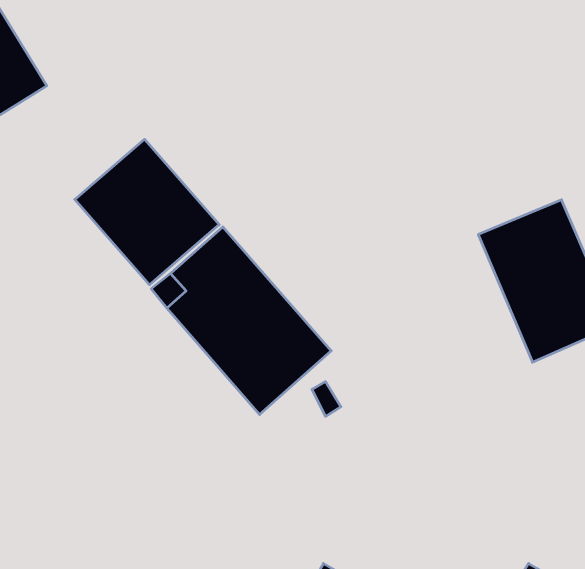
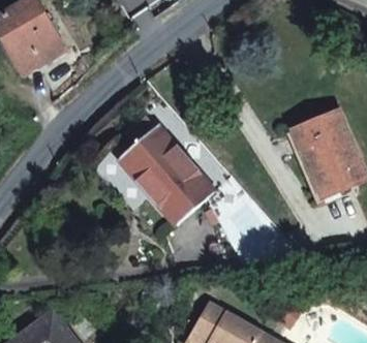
building: [75,139,219,285] -> none

